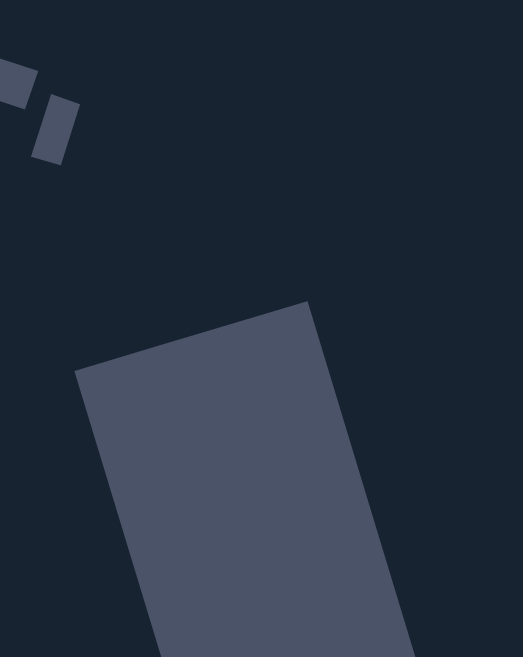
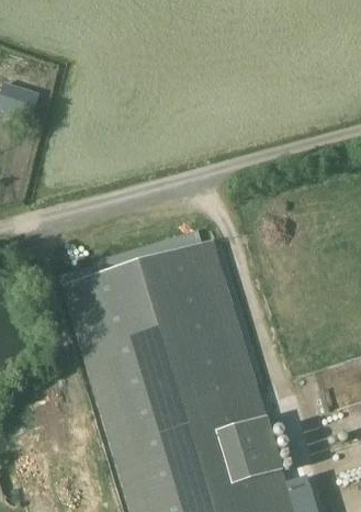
building: [30,93,81,166] -> none

